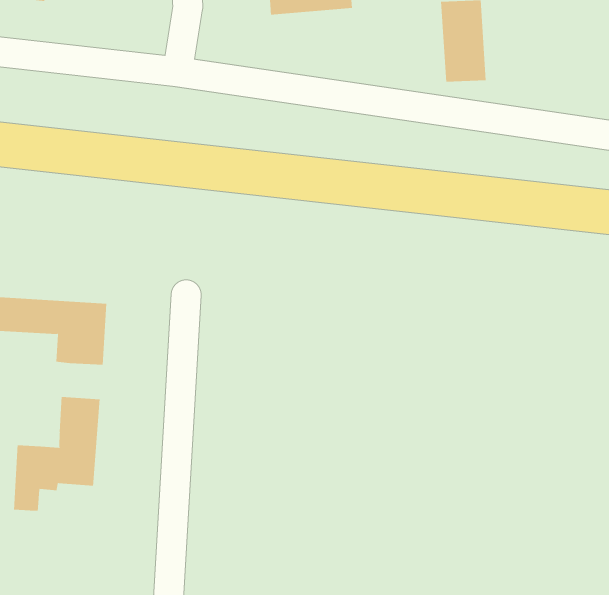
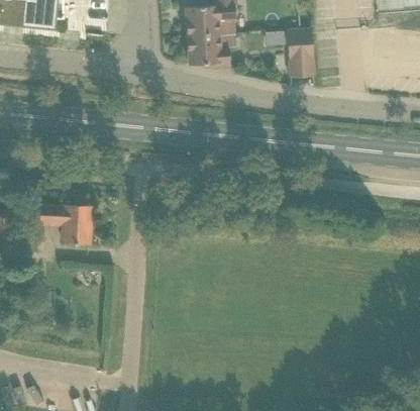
building: none -> [186,32,235,64]
building: [13,396,100,512] -> none

